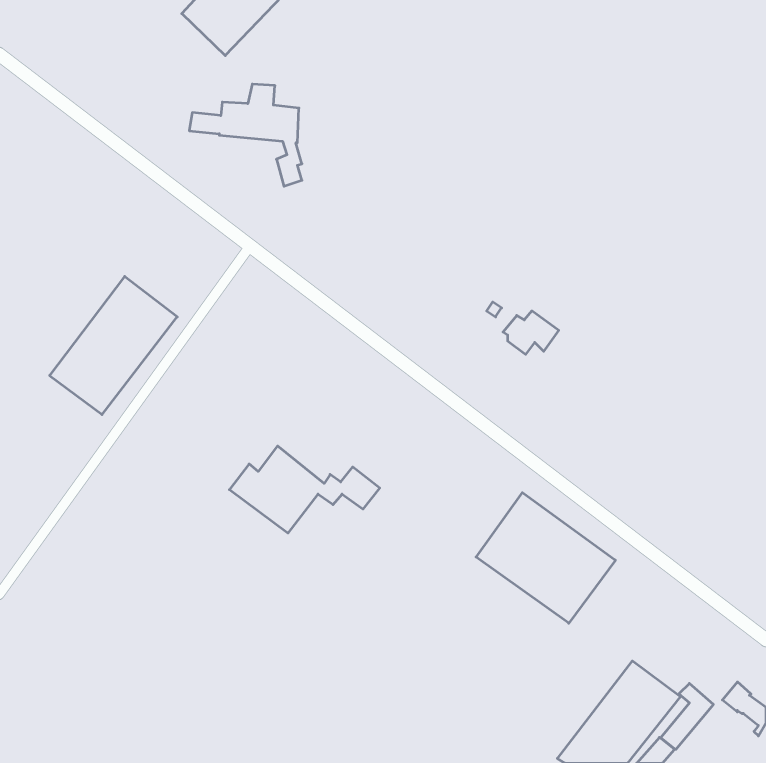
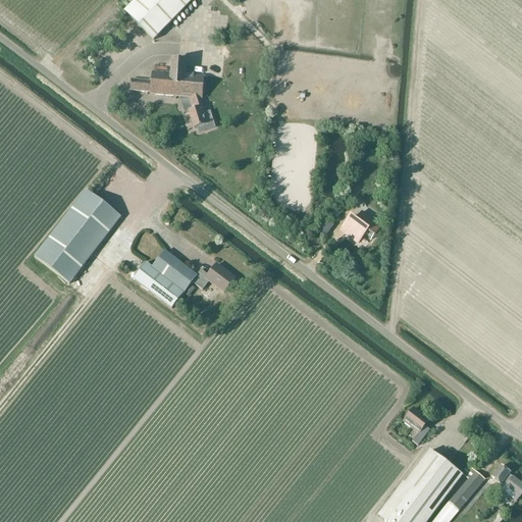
building: [229,446,380,533] -> [132,248,233,307]
building: [476,493,615,623] -> none
building: none -> [403,406,428,443]

